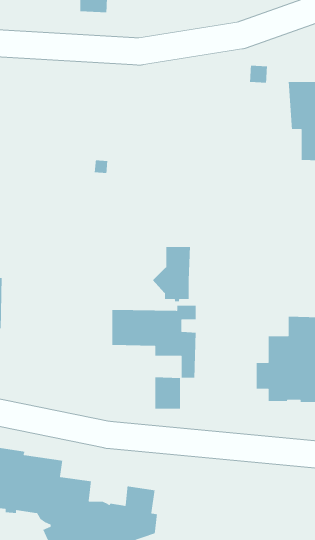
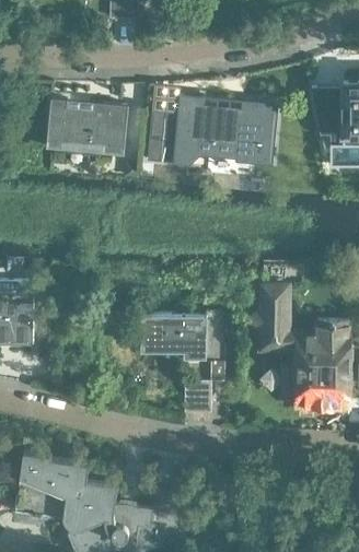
building: none -> [146,98,276,164]
building: none -> [45,99,127,156]
building: [152,246,191,302] -> [248,287,287,343]

